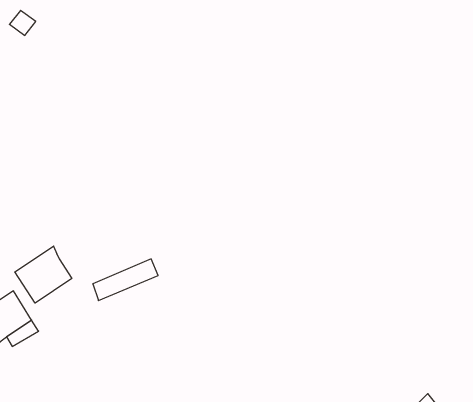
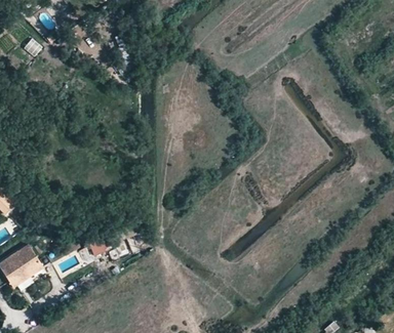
building: [15,246,72,303] -> none

